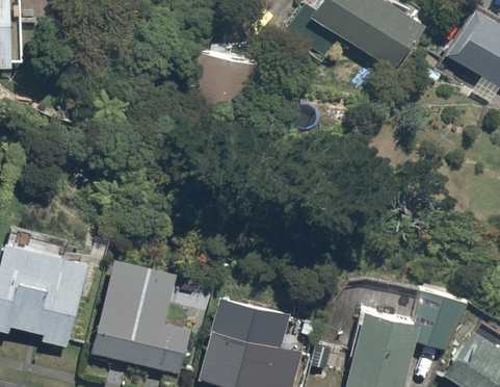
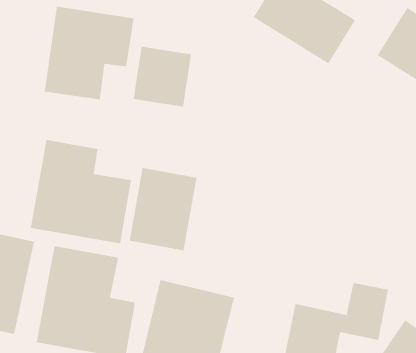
building: none -> [44,6,134,100]
building: none -> [30,139,132,244]
building: none -> [129,167,197,251]

